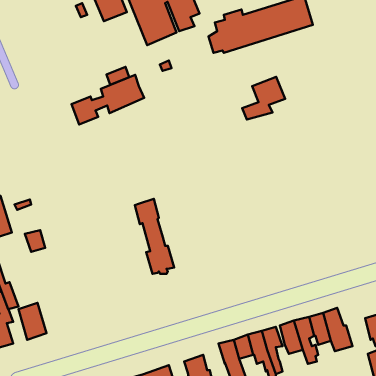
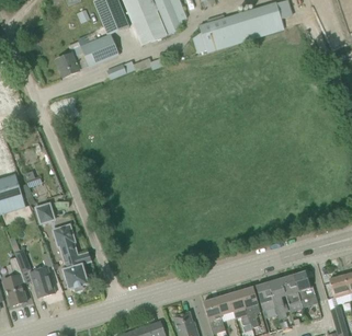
building: [71,75,144,124] -> [56,34,118,77]
building: [242,77,285,119] -> none
building: [135,199,174,274] -> [54,224,88,289]

